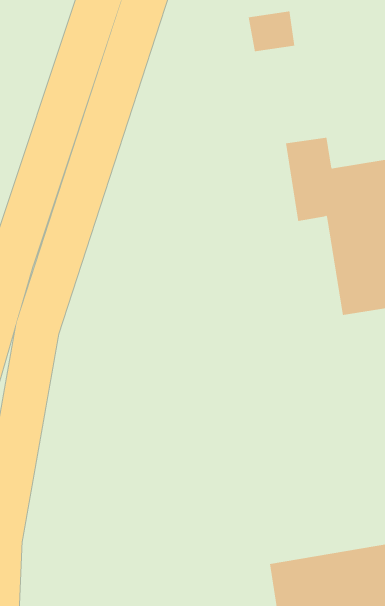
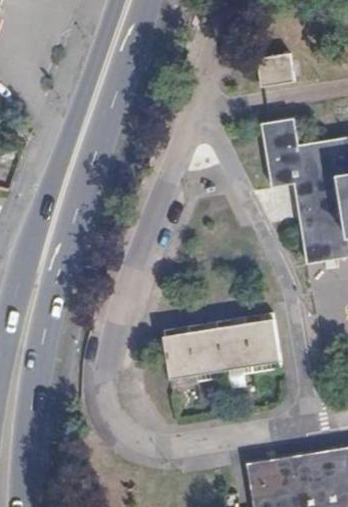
building: [248,11,295,52] -> [257,53,295,86]
building: none -> [160,321,276,379]

